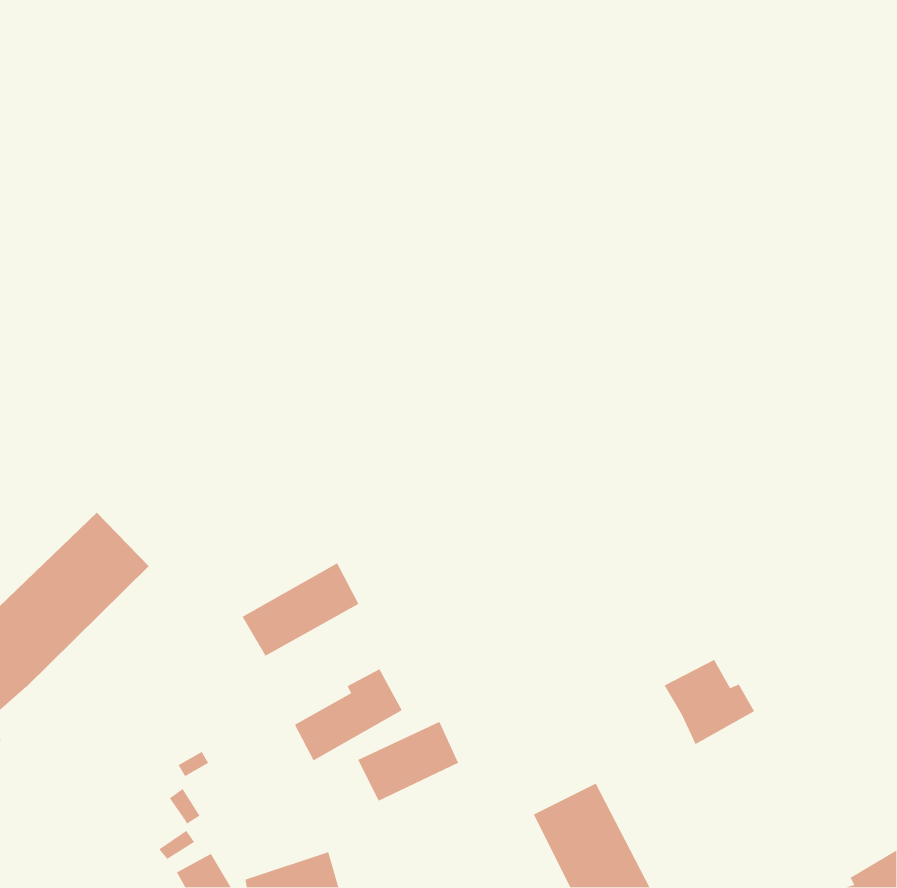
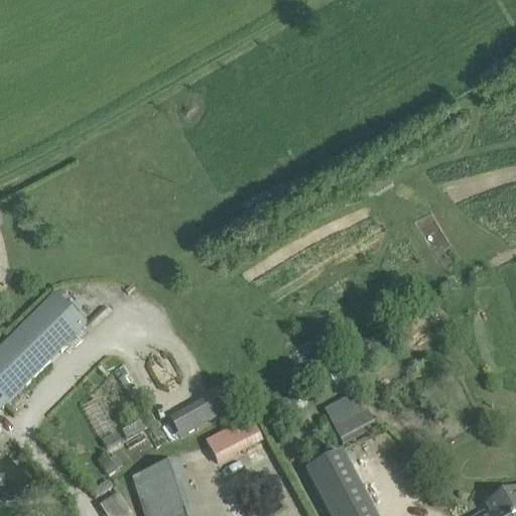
building: [242,562,359,657] -> none
building: [664,659,755,745] -> [324,393,376,442]
building: none -> [130,460,188,504]

